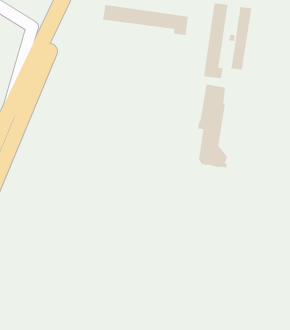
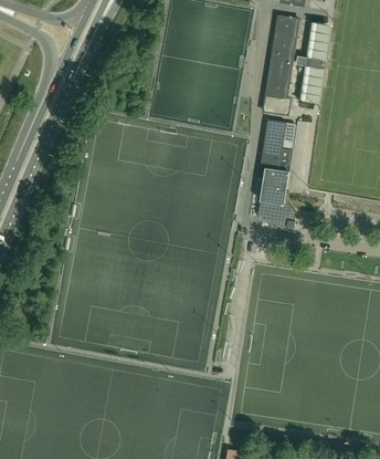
building: [102,4,189,36] -> none

